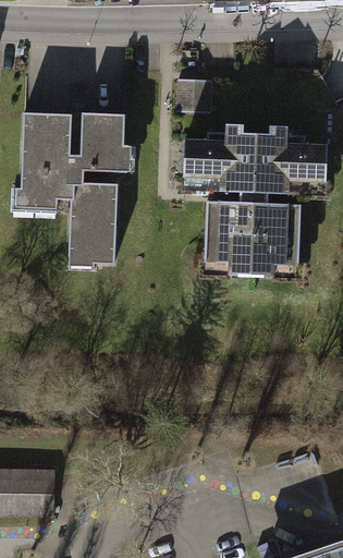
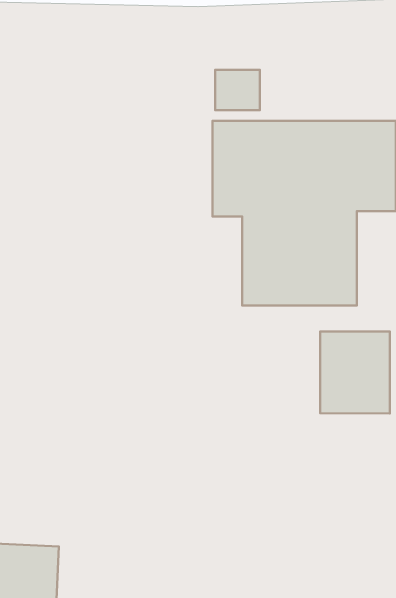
building: [15,112,127,266] -> none
building: none -> [320,331,390,413]

